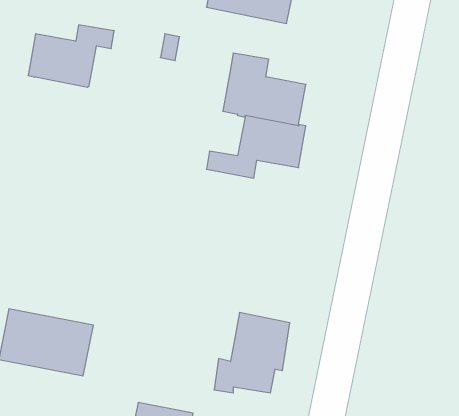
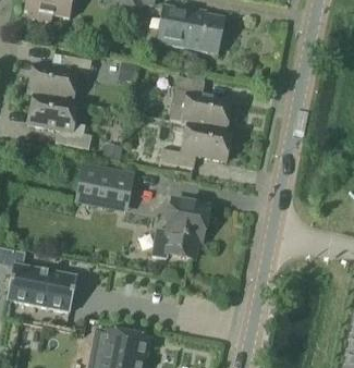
building: none -> [28,93,91,147]
building: none -> [76,163,131,205]
building: [214,313,290,393] -> [152,198,208,257]

